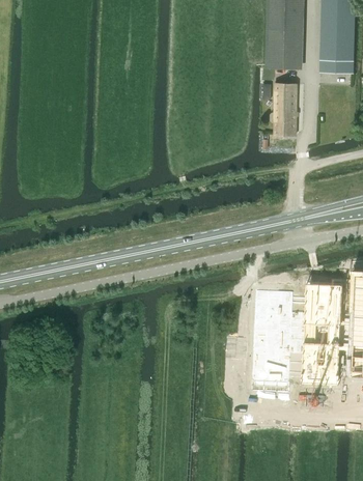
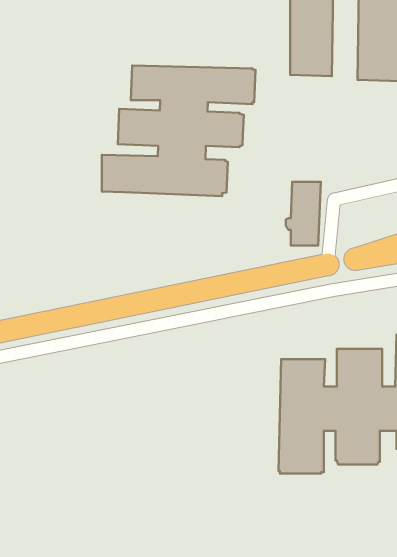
building: none -> [102,66,255,196]
building: [271,83,299,134] -> [286,182,321,245]

